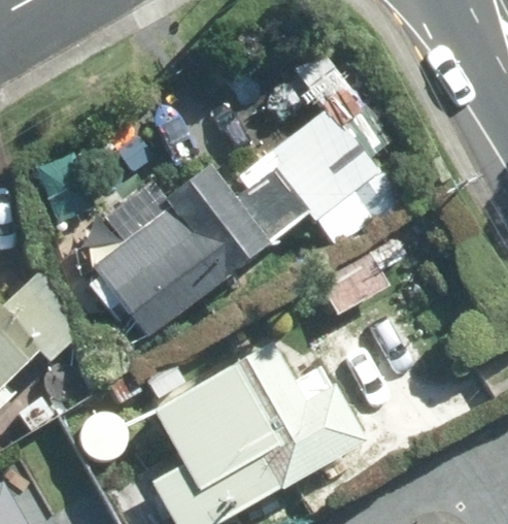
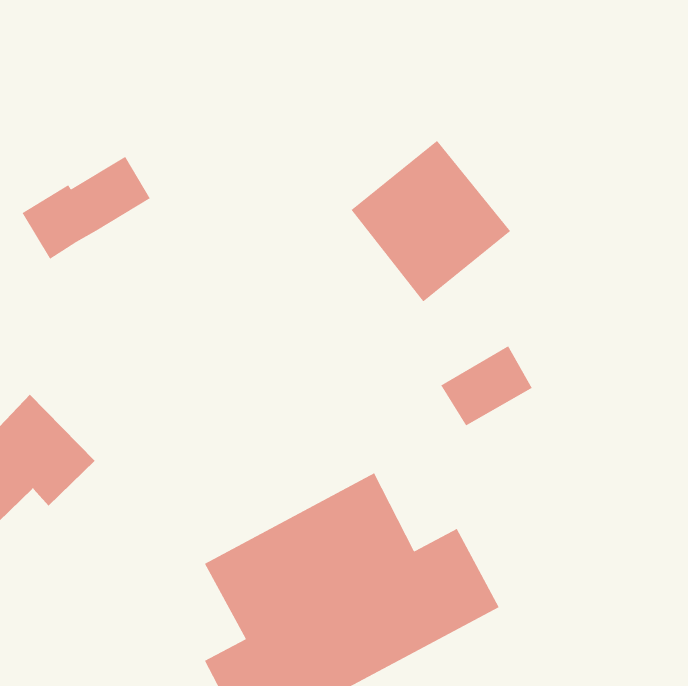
building: [94,166,268,333] -> none

